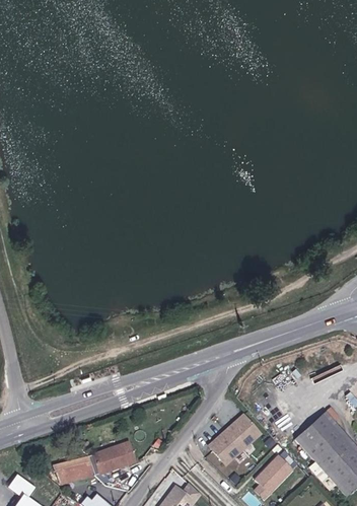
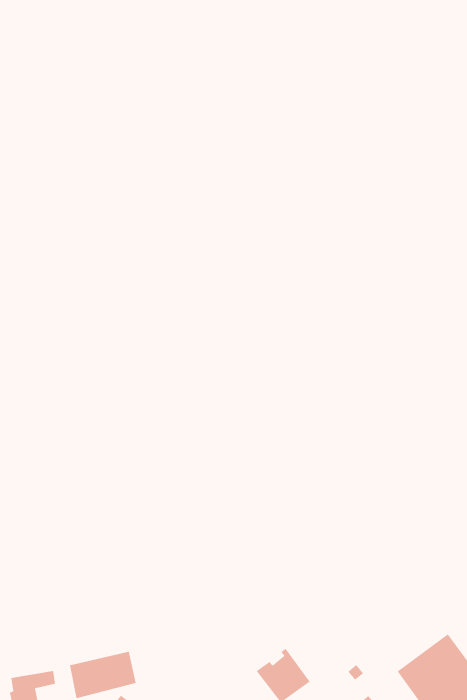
building: [226,415,261,449] -> none

